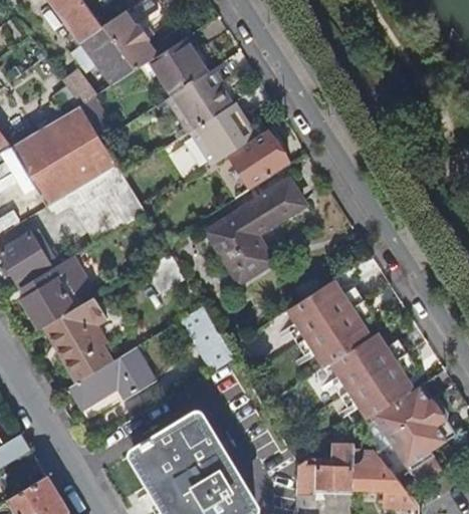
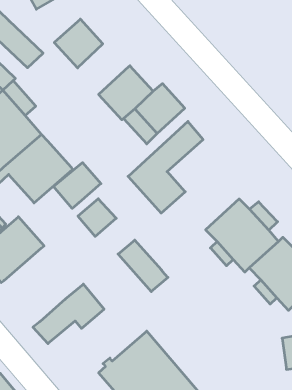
building: [100,11,157,70] -> none
building: [166,70,230,132] -> none
building: none -> [53,163,101,208]
building: [43,297,110,382] -> none
building: [297,444,356,493] -> none

